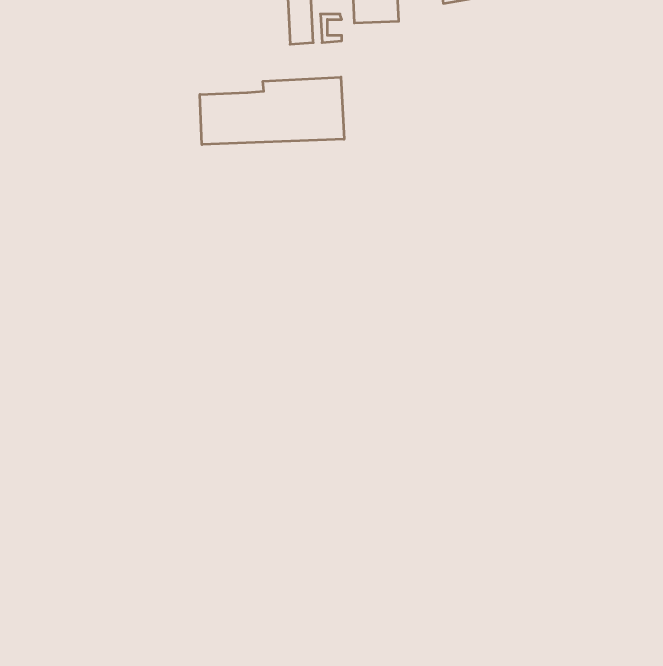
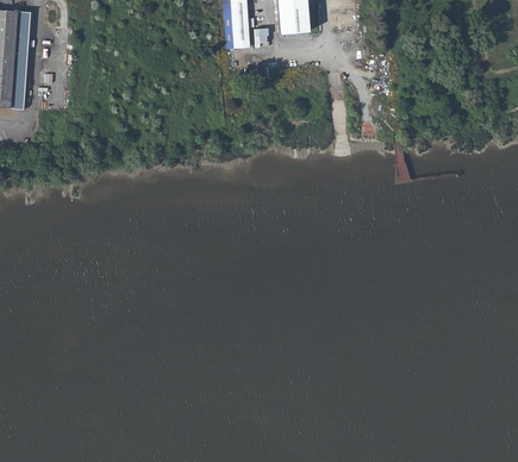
building: [200,77,344,145] -> none

